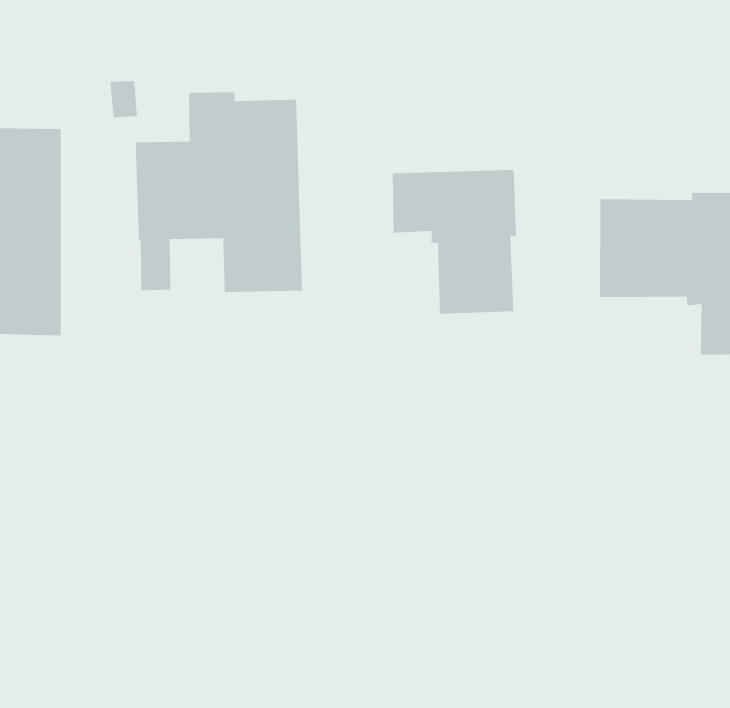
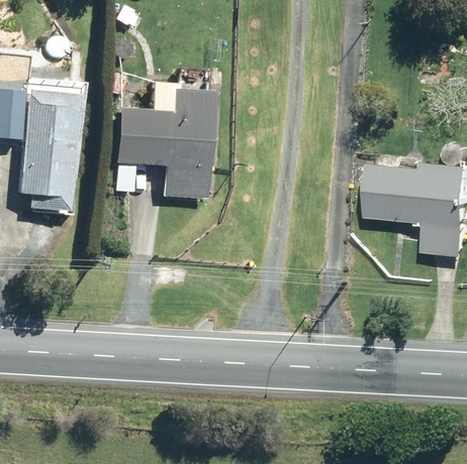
building: [392,169,517,315] -> none

